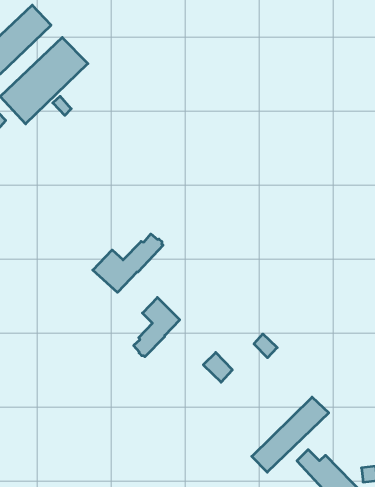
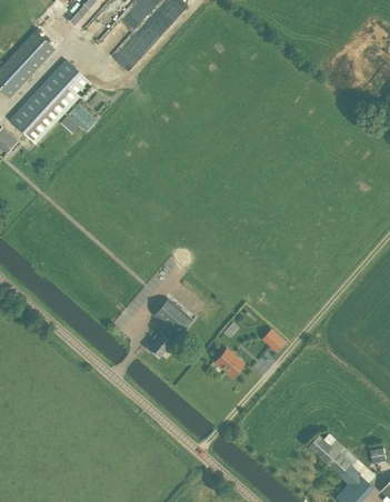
building: [93,234,163,292] -> none
building: [252,397,329,472] -> none

